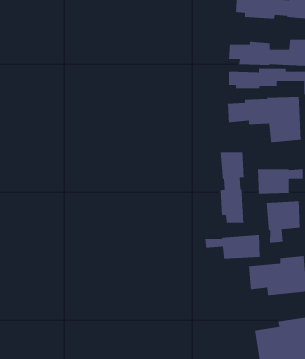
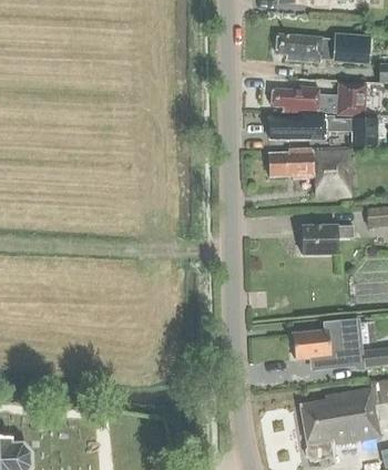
building: [220,152,244,224] -> none
building: [266,201,300,243] -> none
building: [205,234,261,260] -> none

